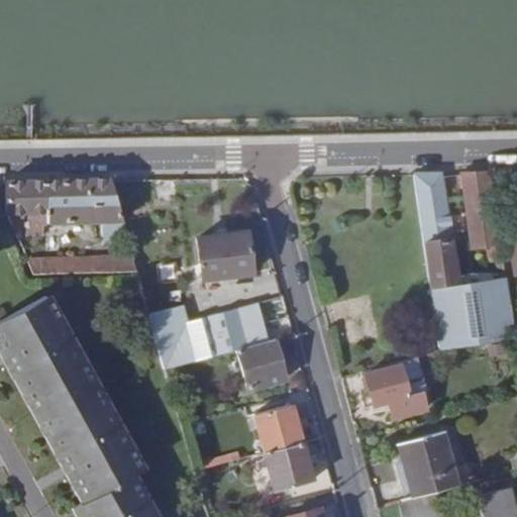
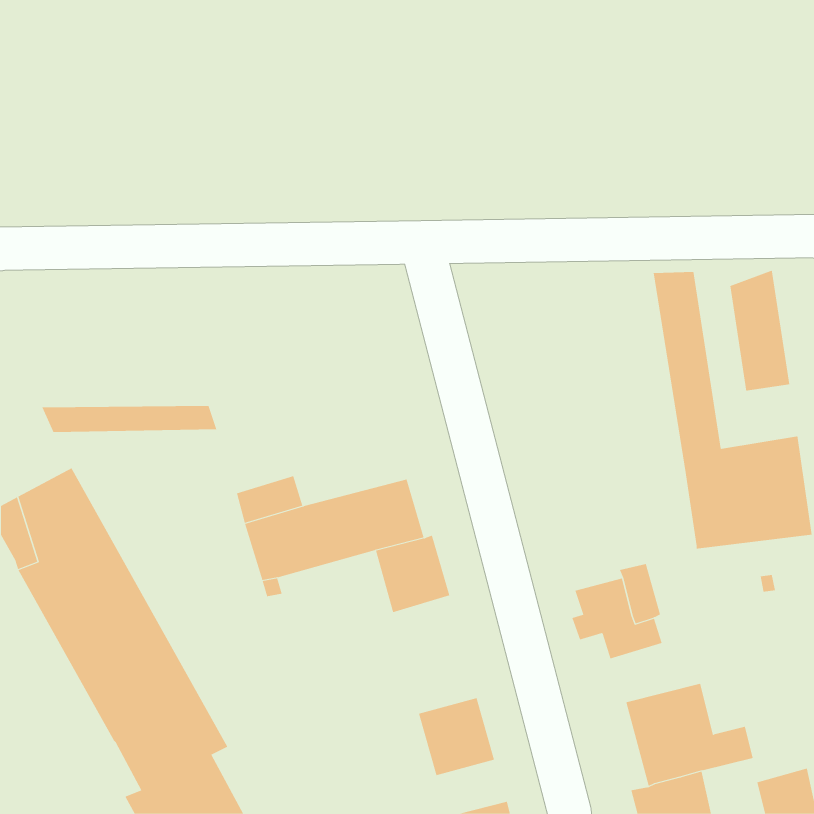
building: [6,179,124,237] -> none
building: [198,232,253,281] -> none
building: [255,404,303,451] -> none

